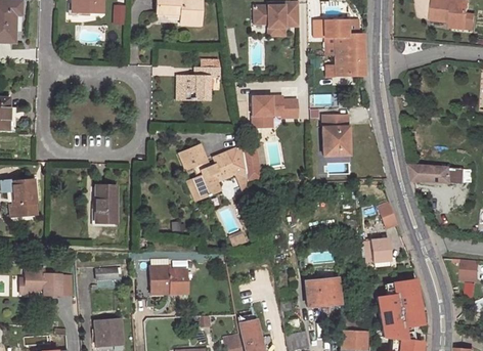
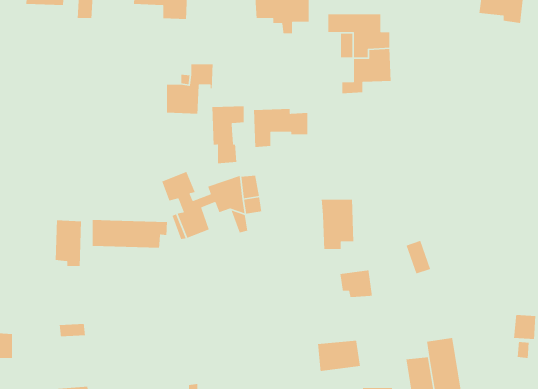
building: none -> [211,105,245,164]
building: [322,114,349,155] -> [321,199,354,250]
building: [411,165,464,185] -> none
building: none -> [92,219,168,248]
building: [365,238,392,261] -> [340,270,373,298]
building: [149,267,186,294] -> none

